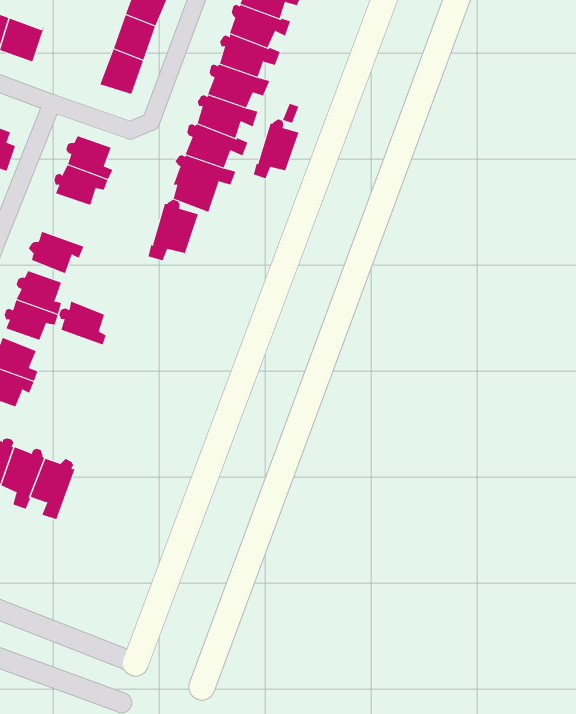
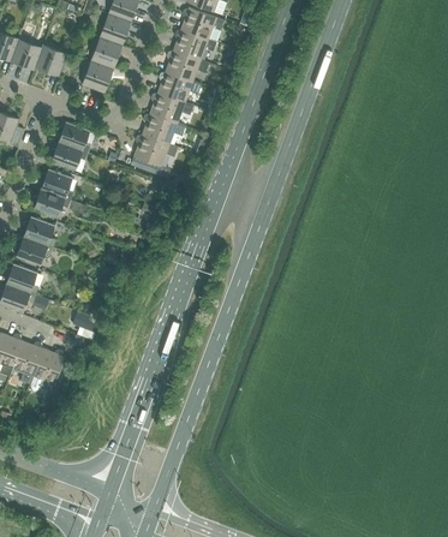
building: none -> [34,46,66,77]
building: [253,119,299,179] -> none
building: [148,199,199,261] -> none
building: [59,301,106,345] -> [38,169,72,201]

